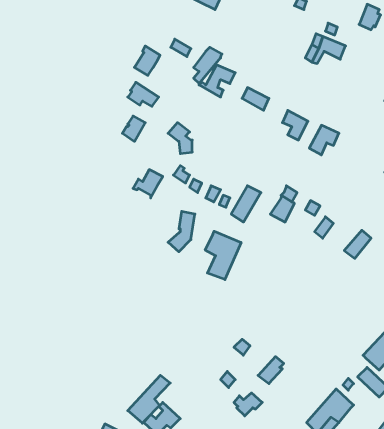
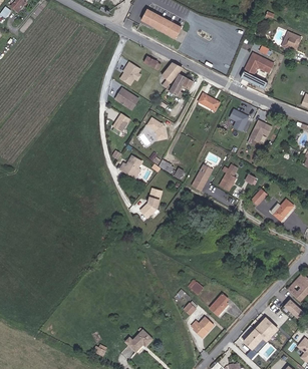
building: [205,231,241,280] -> none
building: [128,375,170,423] -> none

